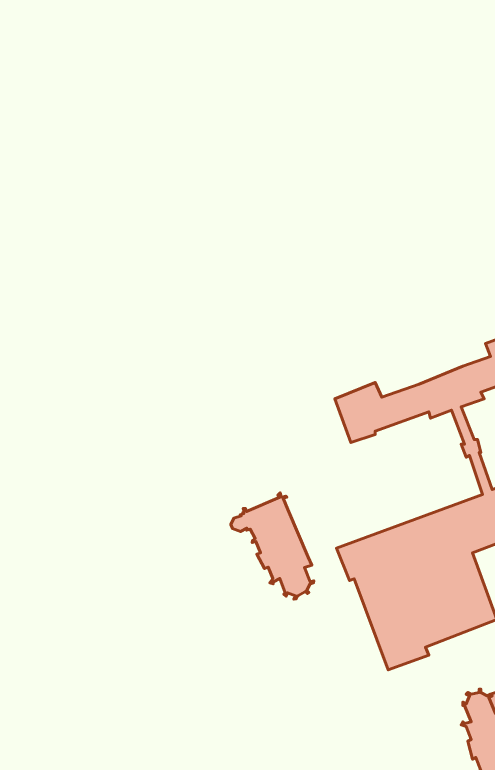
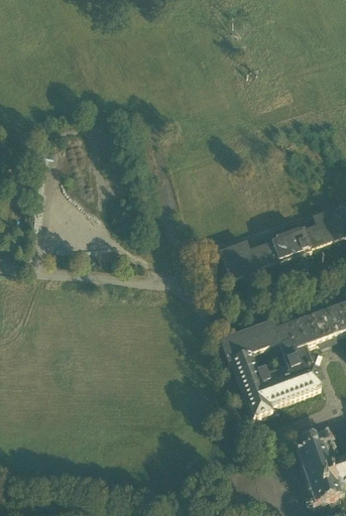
building: [231,493,314,599] -> none

